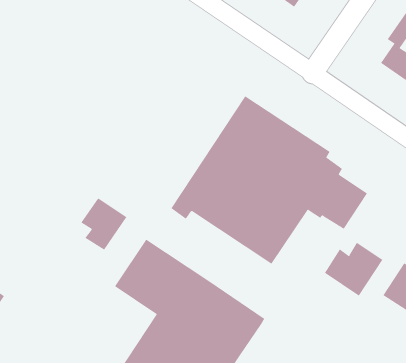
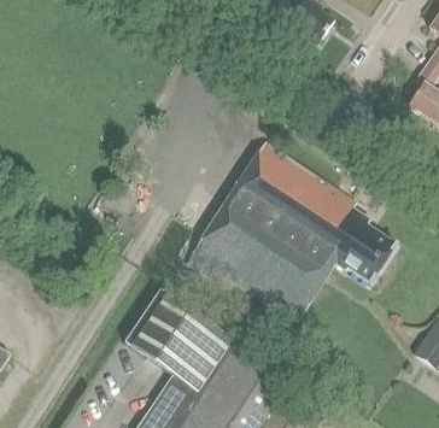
building: [81,198,127,251] -> none
building: [324,242,383,297] -> none

